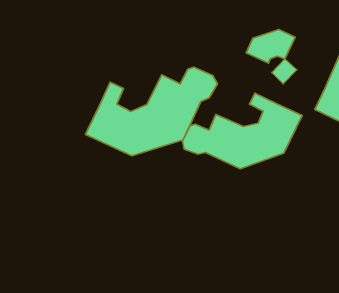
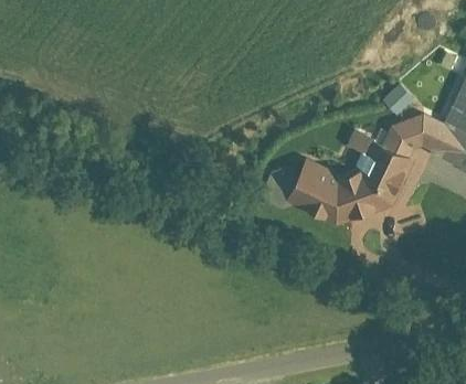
building: [246,30,295,63] -> [383,109,446,152]
building: [86,67,217,156] -> none

